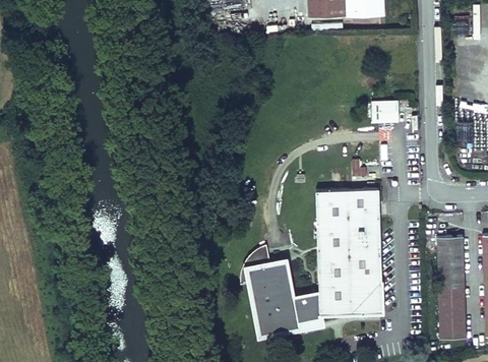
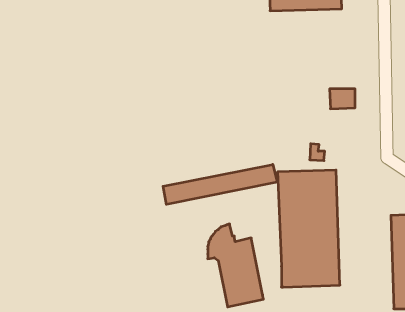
building: none -> [163,164,277,204]
building: [294,293,321,323] -> none

